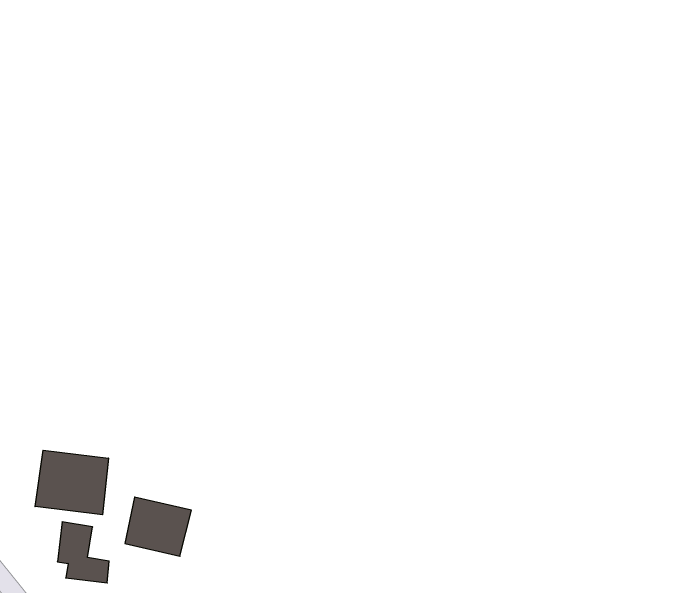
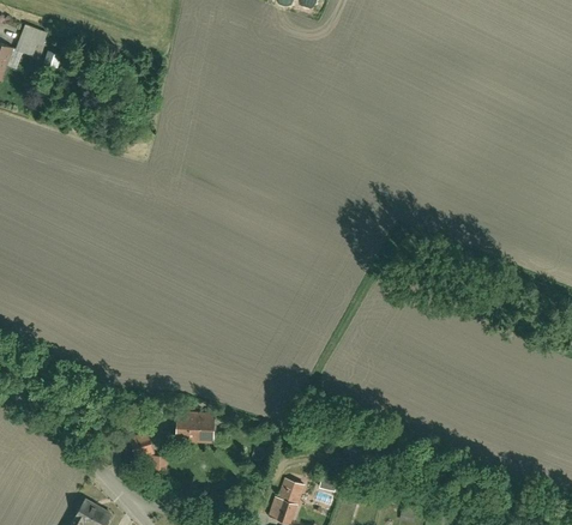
building: [35,450,108,515] -> none

